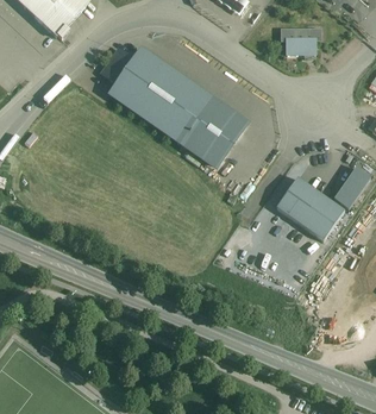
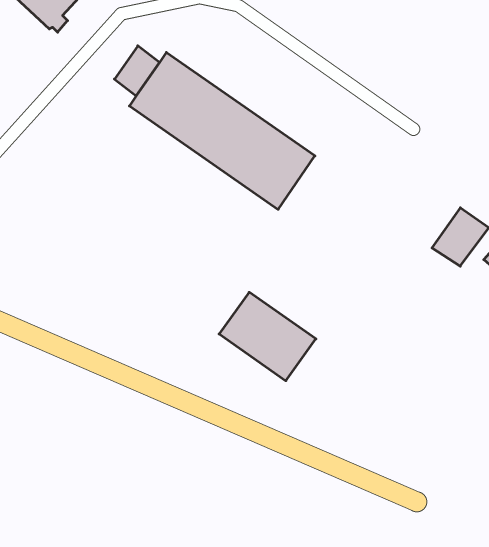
building: [282,29,320,58] -> none
building: [276,177,345,240] -> [219,292,316,381]

